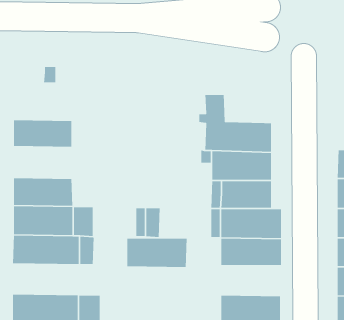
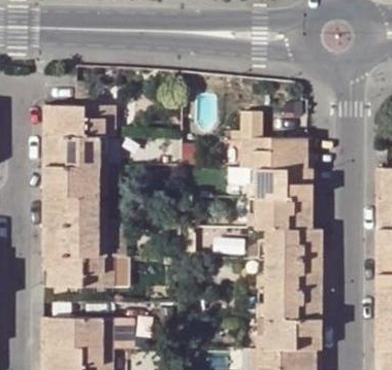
building: none -> [43,106,112,138]
building: none -> [43,165,104,198]
building: [126,238,188,268] -> [257,288,320,318]

